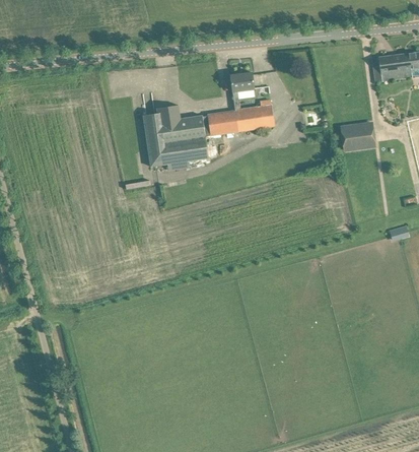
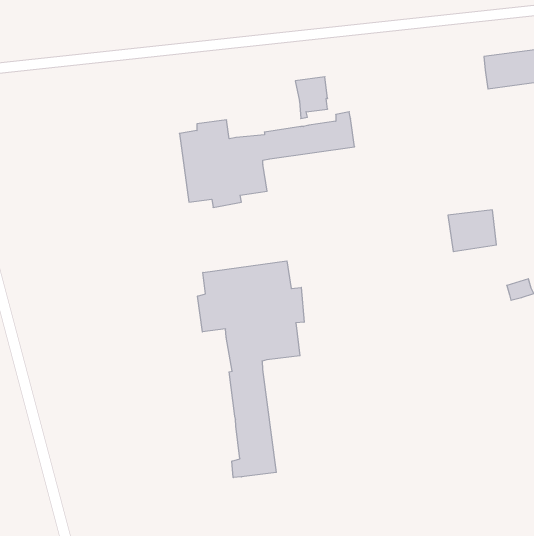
building: [340,121,376,152] -> [448,210,496,252]
building: none -> [198,261,304,478]

